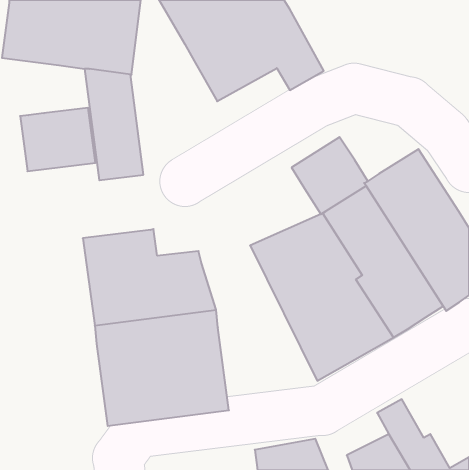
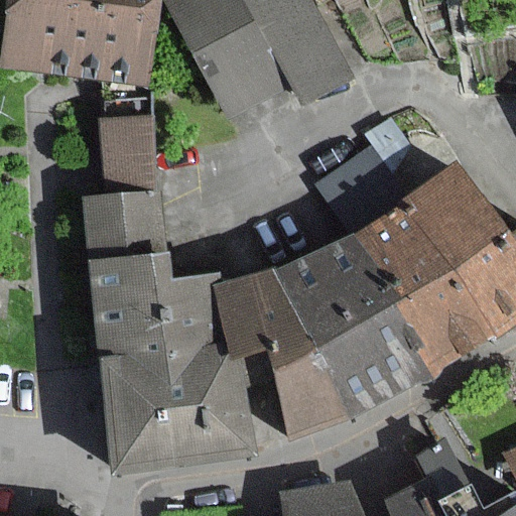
building: [20,108,95,171] -> [83,191,165,261]
building: none -> [221,269,348,435]

